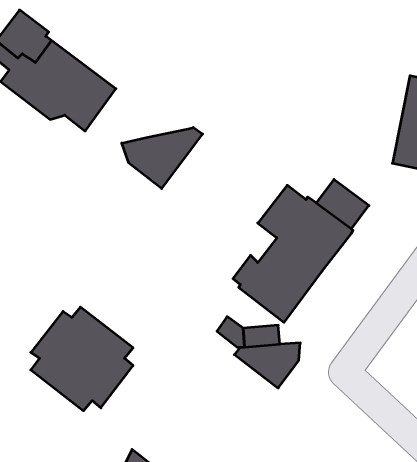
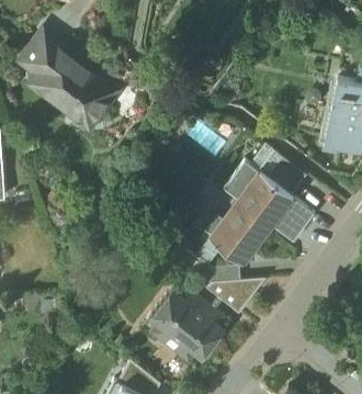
building: [122,127,203,189] -> none
building: none -> [272,198,316,235]
building: [31,307,133,411] -> [149,286,226,364]

